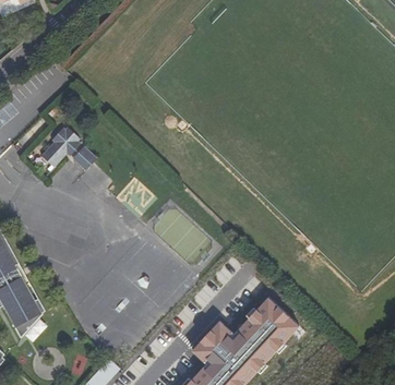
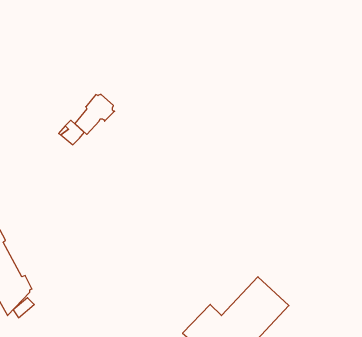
building: [41,127,81,166] -> [75,95,115,134]

